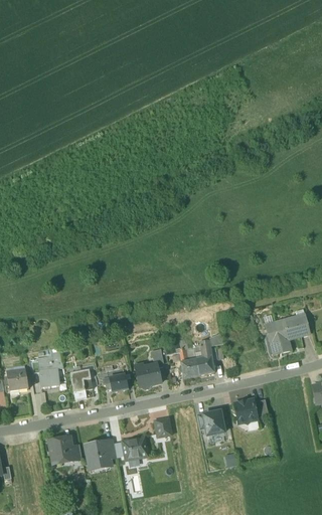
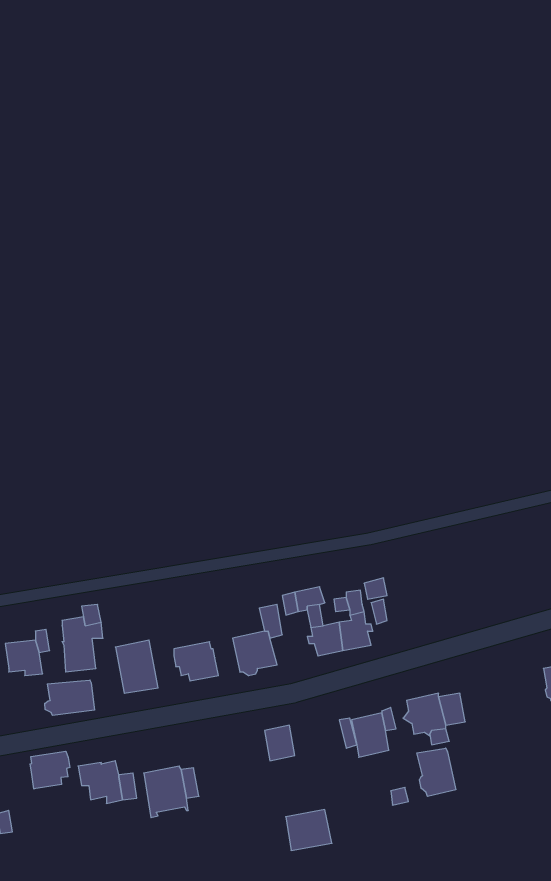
building: [266,316,309,354] -> none
building: none -> [45,680,94,715]
building: none -> [417,748,456,796]
building: none -> [30,751,70,789]
building: [122,436,148,459] -> [286,810,332,850]

